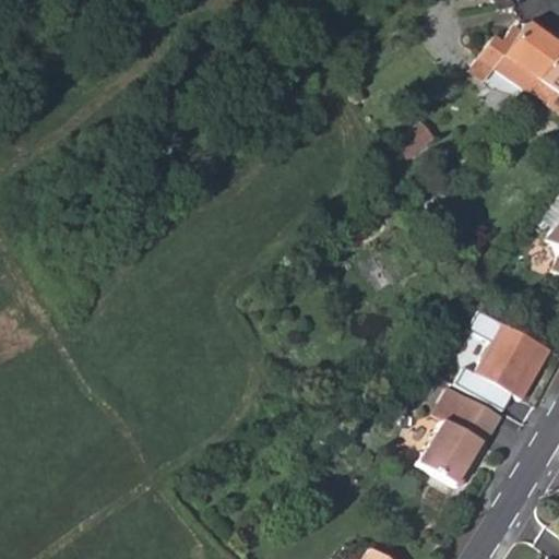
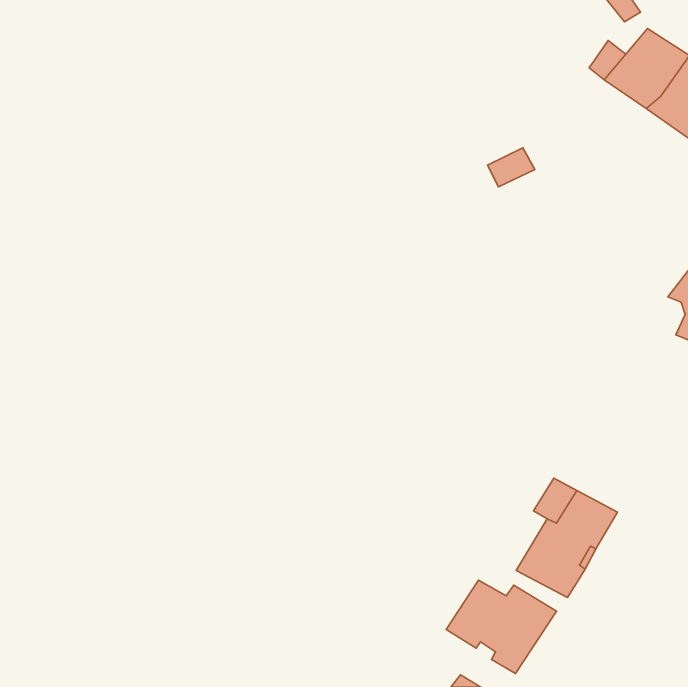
building: [457,312,550,408] -> none
building: none -> [446,580,557,673]

